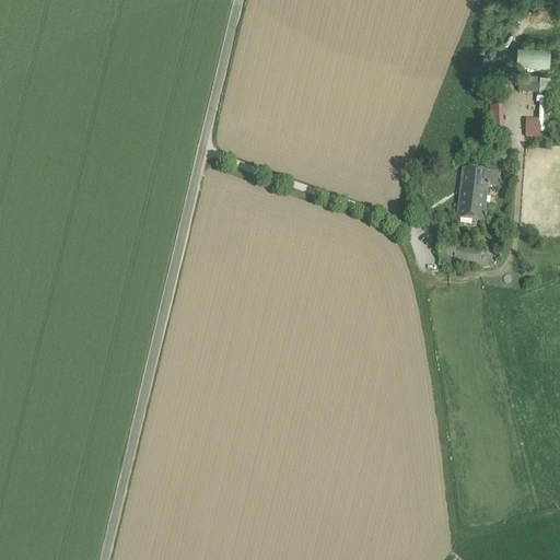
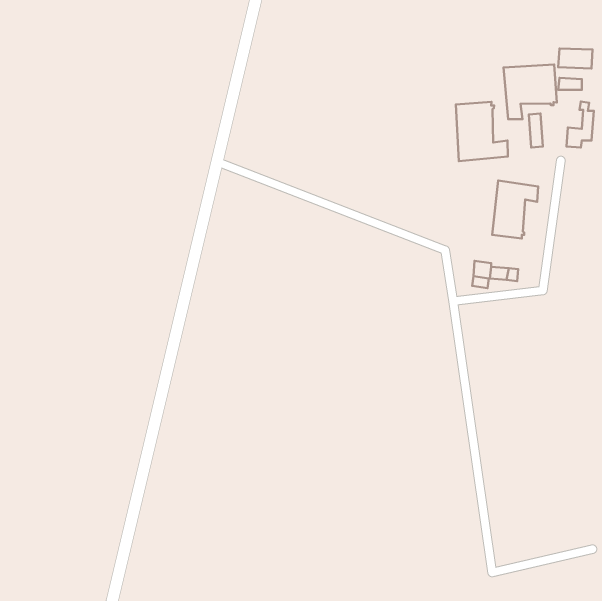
building: none -> [504,65,557,119]
building: none -> [456,102,508,161]

